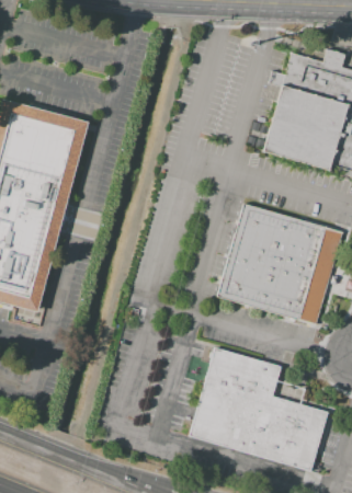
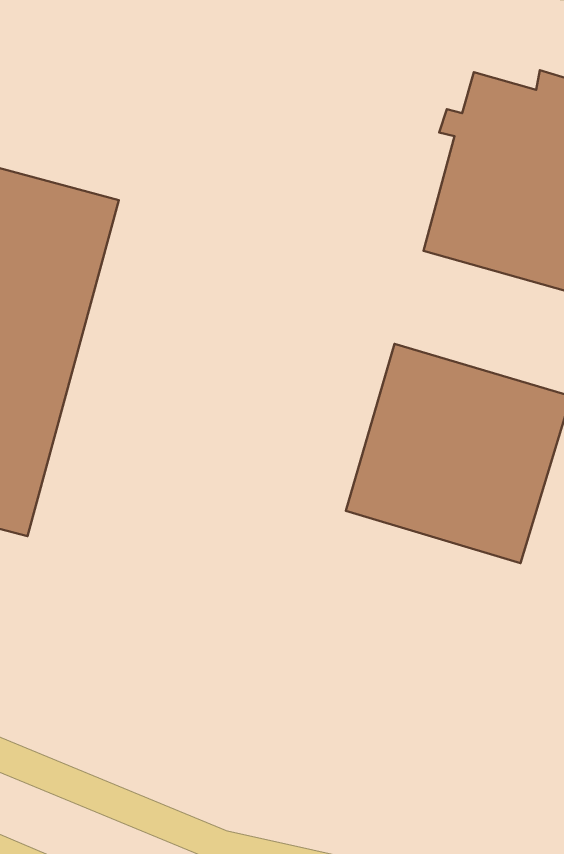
building: [186,347,326,472] -> none

